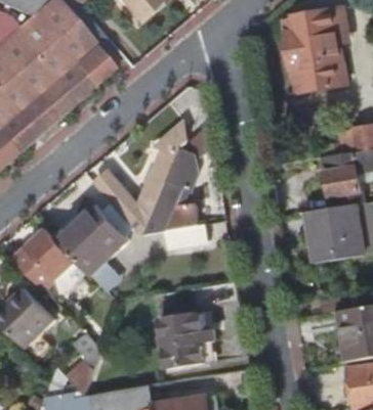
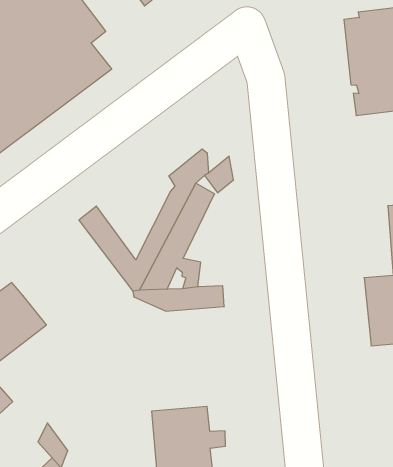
building: [56,206,127,275] -> none

